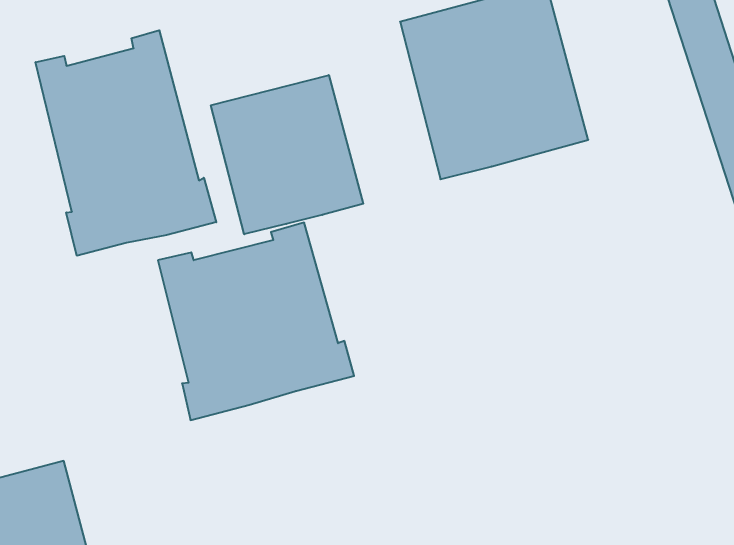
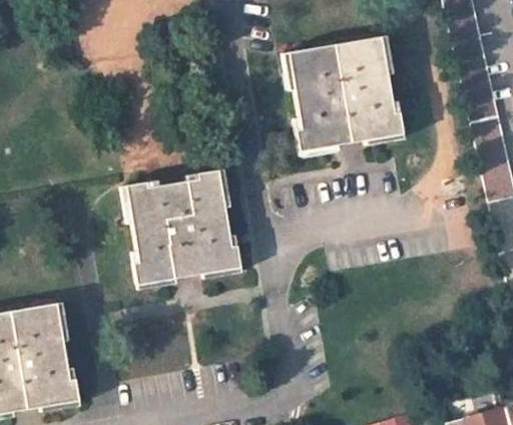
building: [36,30,216,256] -> none
building: [211,75,363,234] -> none

